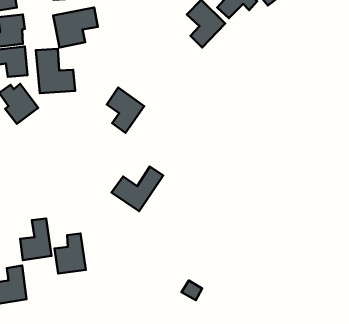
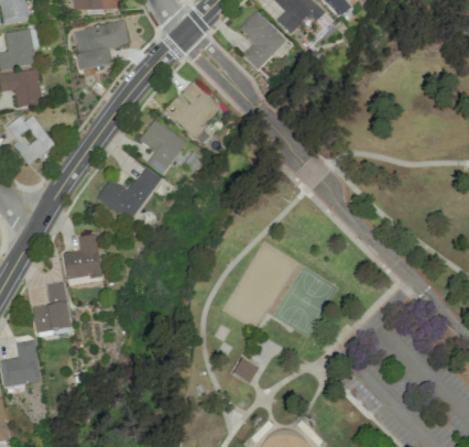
building: [36,49,75,93] -> none
building: none -> [164,80,220,138]
building: [111,167,163,211] -> [96,166,160,221]
building: [55,233,86,273] -> [63,233,101,283]

